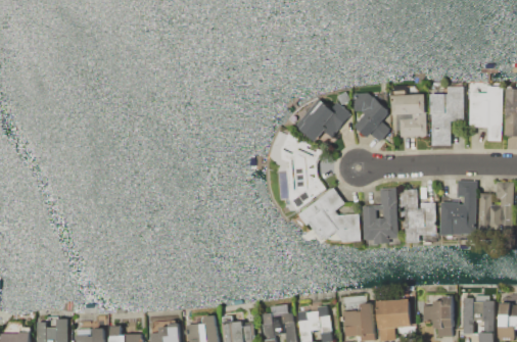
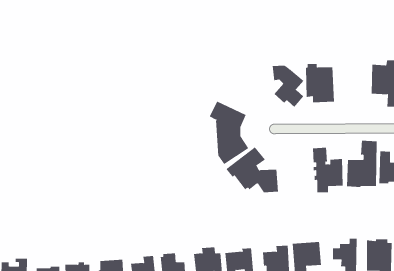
building: [429,87,463,146] -> none
building: [295,99,350,142] -> none
building: [362,188,397,244] -> none

